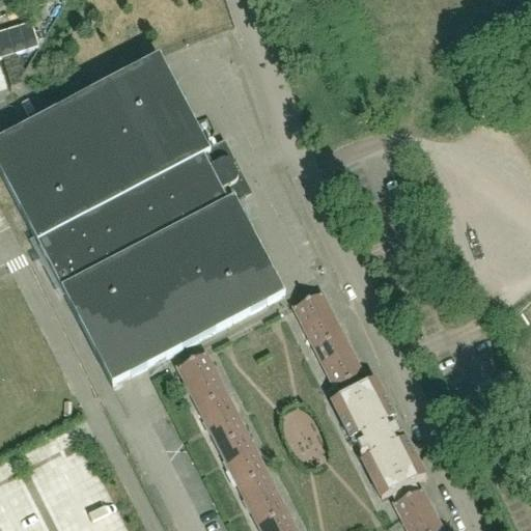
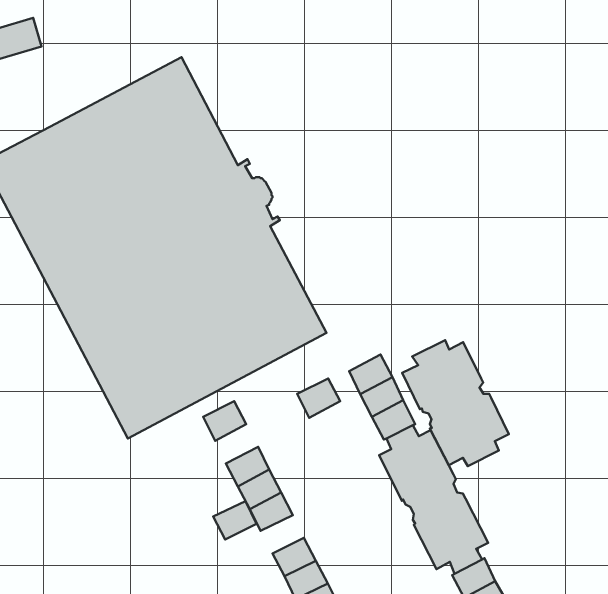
building: [292,288,330,323] -> [297,378,340,418]
building: none -> [402,340,509,466]
building: [187,368,224,402] -> none
building: [226,447,263,480] -> [213,501,256,539]

